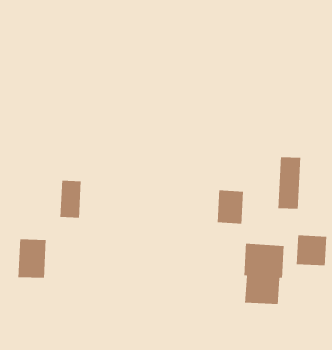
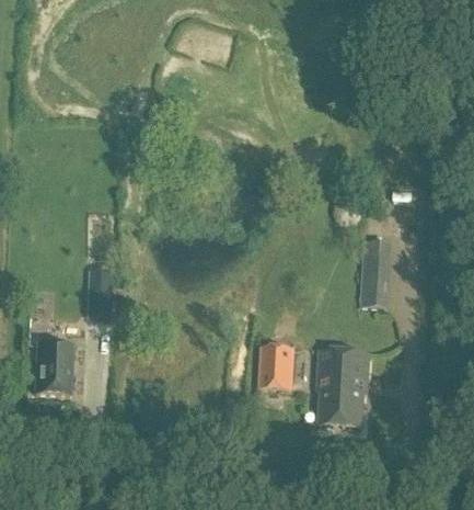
building: [217,189,244,224] -> [259,344,293,388]
building: [296,235,327,266] -> none

